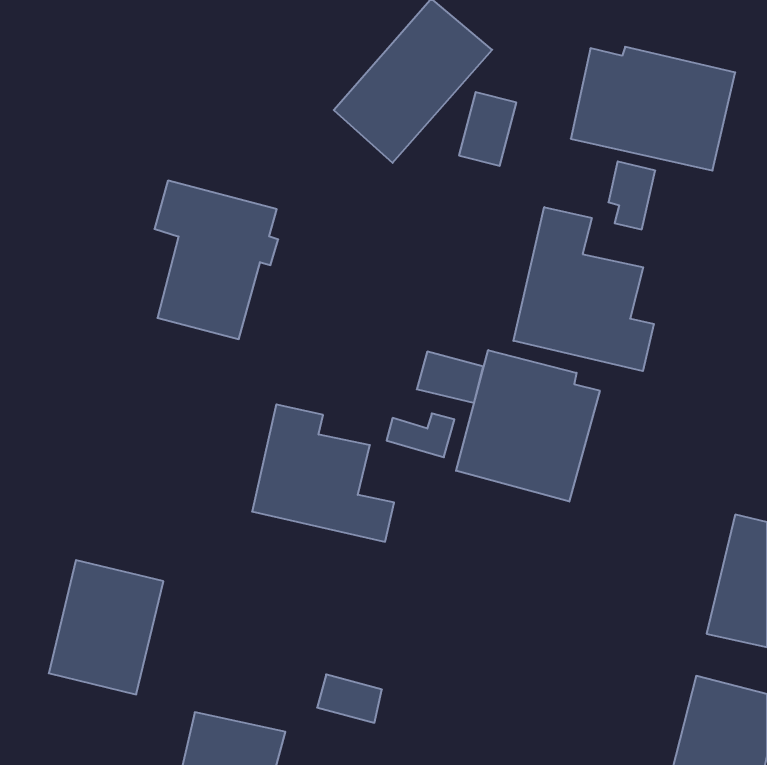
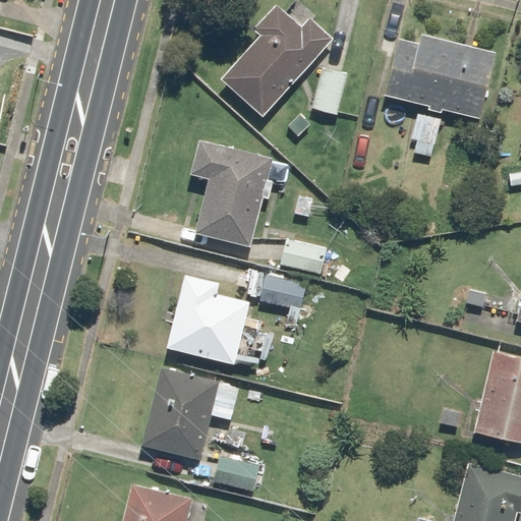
building: [154,181,278,339] -> [192,140,276,247]
building: [513,207,654,371] -> none
building: [456,350,600,502] -> none
building: [49,560,163,694] -> [141,370,219,461]

